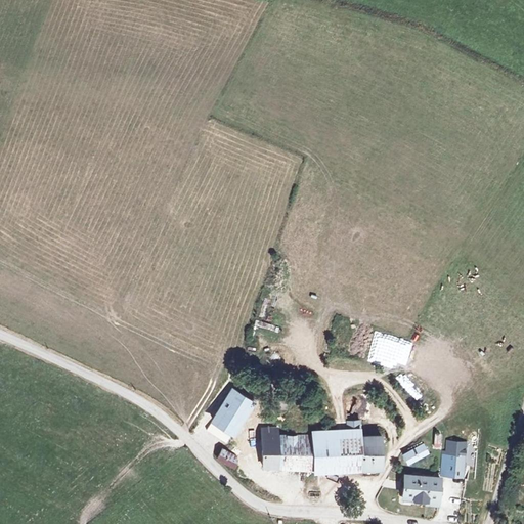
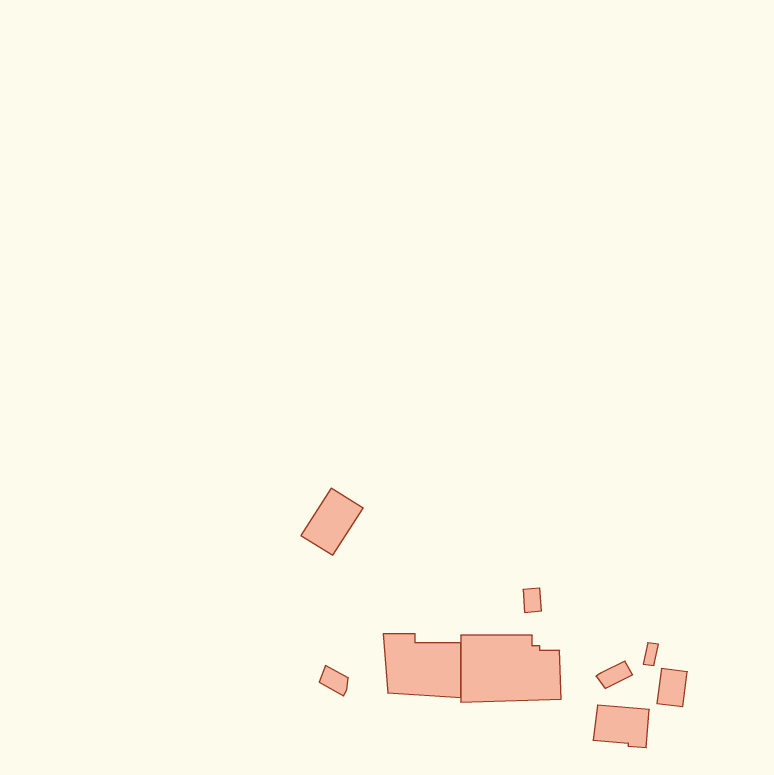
building: [213,390,255,435] -> [301,488,363,555]

